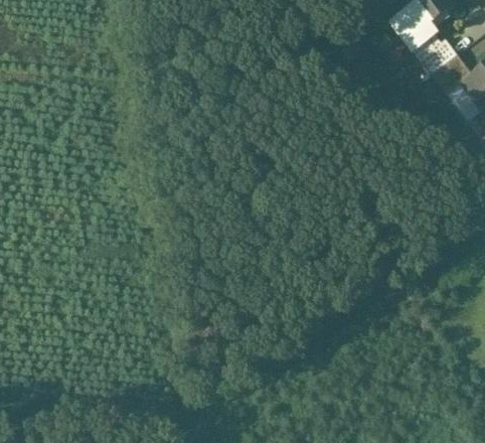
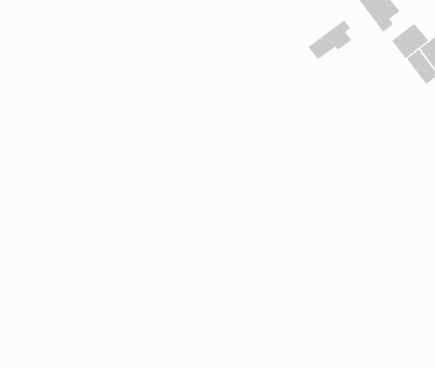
building: [422,38,456,75] -> none
building: none -> [308,20,352,62]

